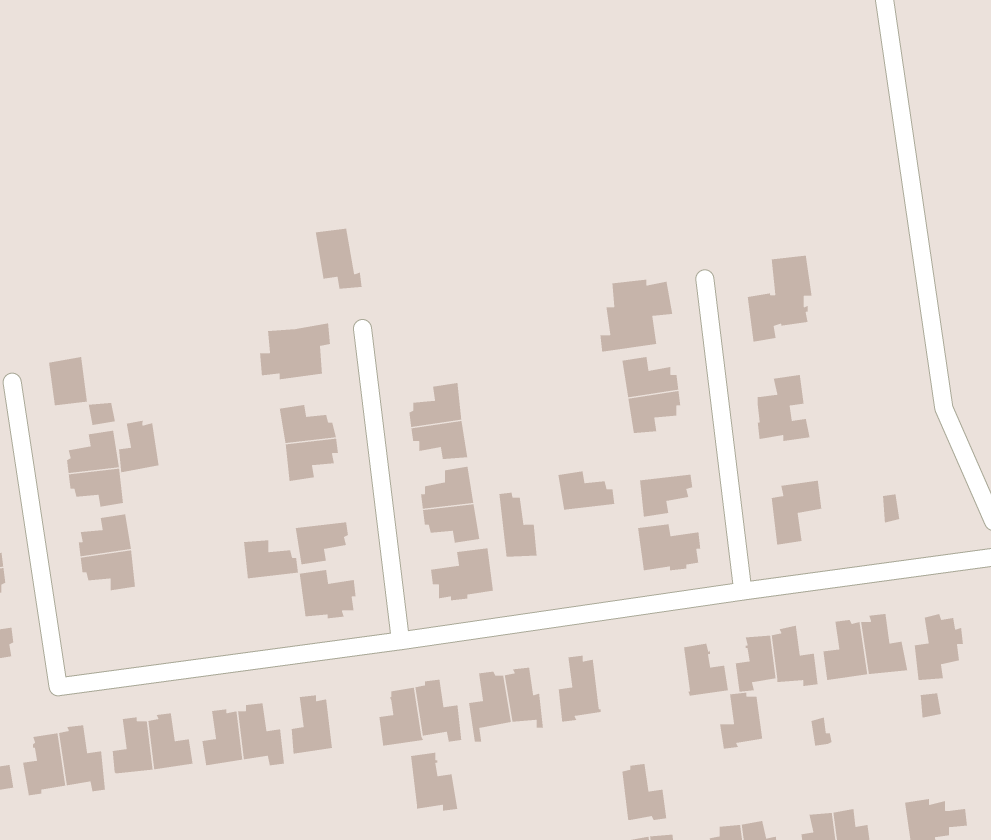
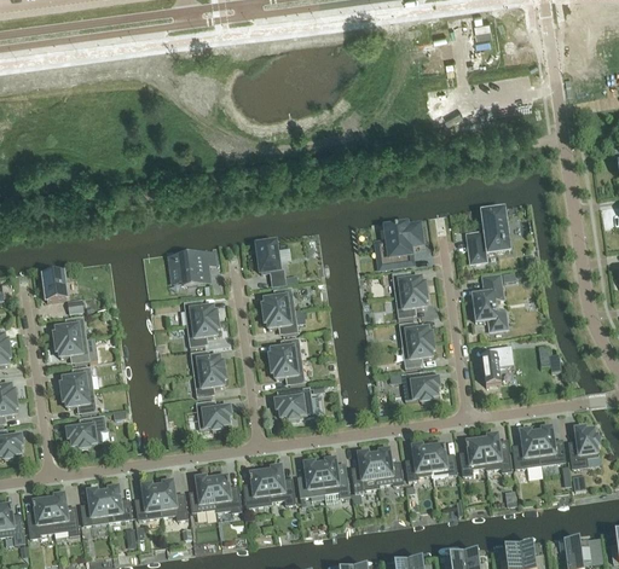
building: [315,228,363,289] -> [256,239,285,277]
building: [118,420,159,473] -> none
building: [557,471,615,510] -> [399,319,434,343]
building: [498,492,537,558] -> none
building: [243,539,299,579] -> [191,348,225,372]
building: none -> [68,412,106,446]
building: [719,692,763,749] -> [406,442,433,477]
building: [410,752,458,811] -> [213,474,242,510]
building: [621,763,667,821] -> [375,447,403,482]

